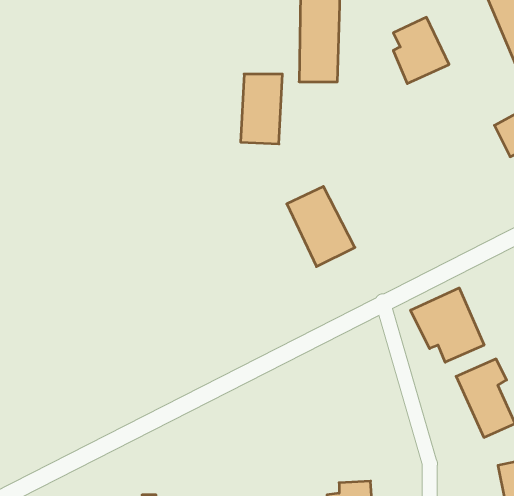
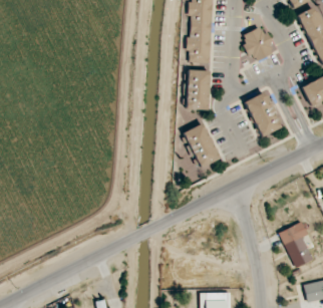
building: [241,74,282,144] -> [187,69,211,109]
building: none -> [244,91,282,137]
building: [411,288,484,362] -> none

